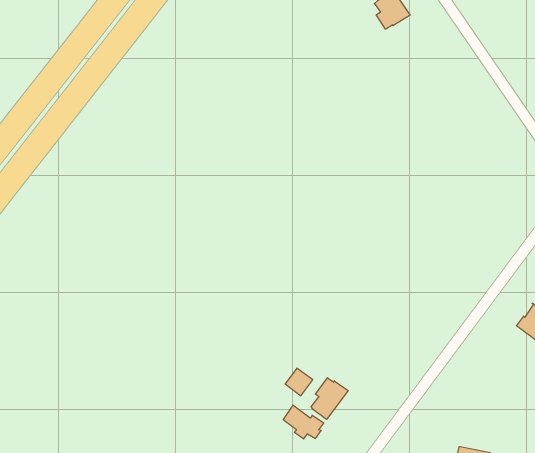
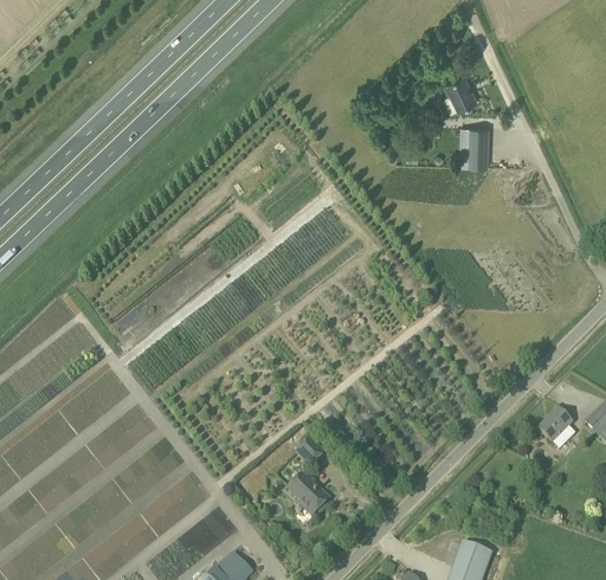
building: none -> [459,125,489,165]
building: [311,378,348,419] -> none

